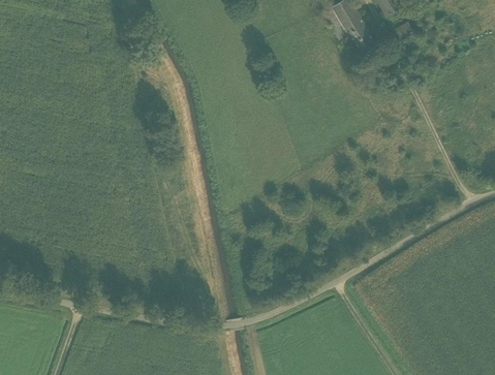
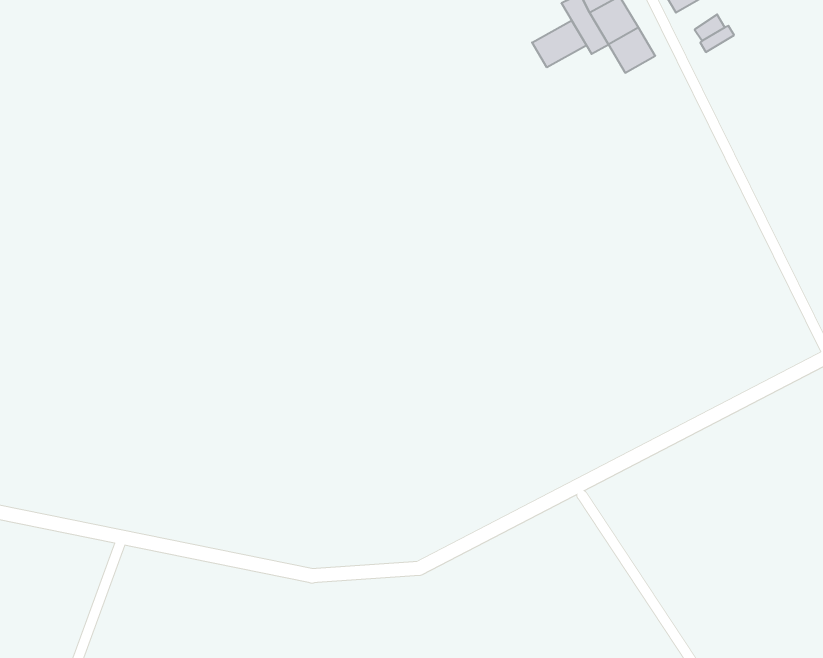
building: none -> [532,20,586,67]

